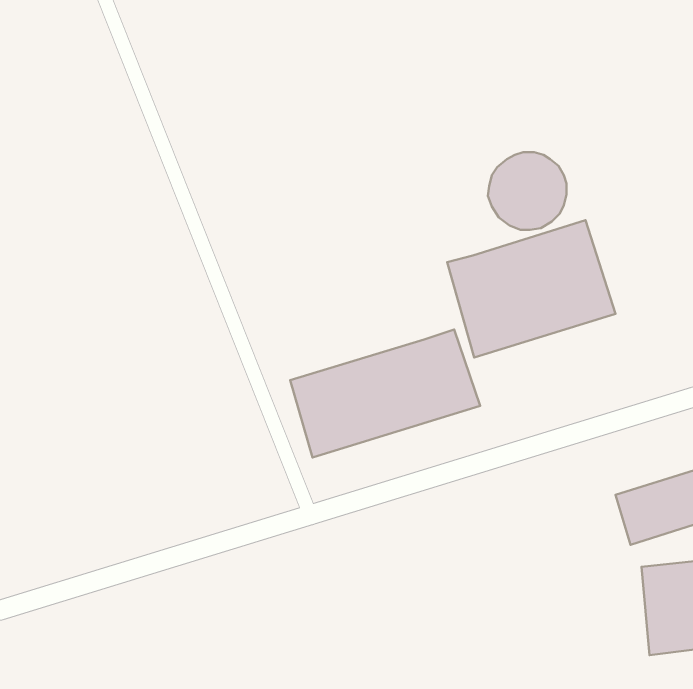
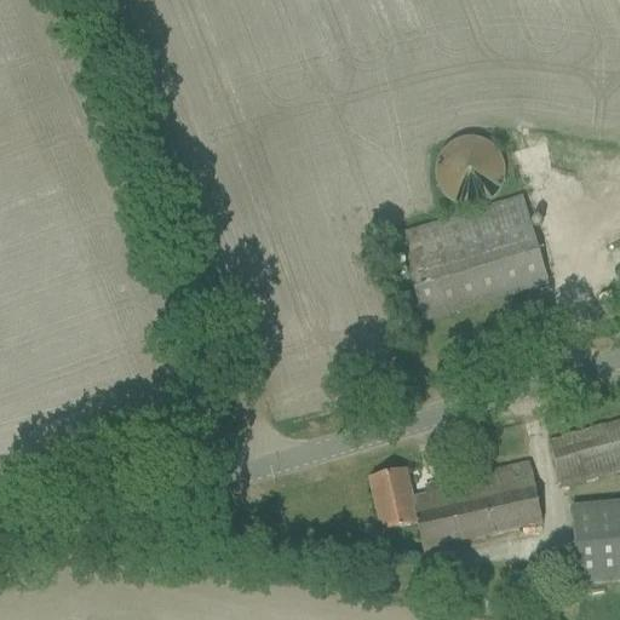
building: [290,329,480,457] -> none
building: none -> [371,460,544,547]

